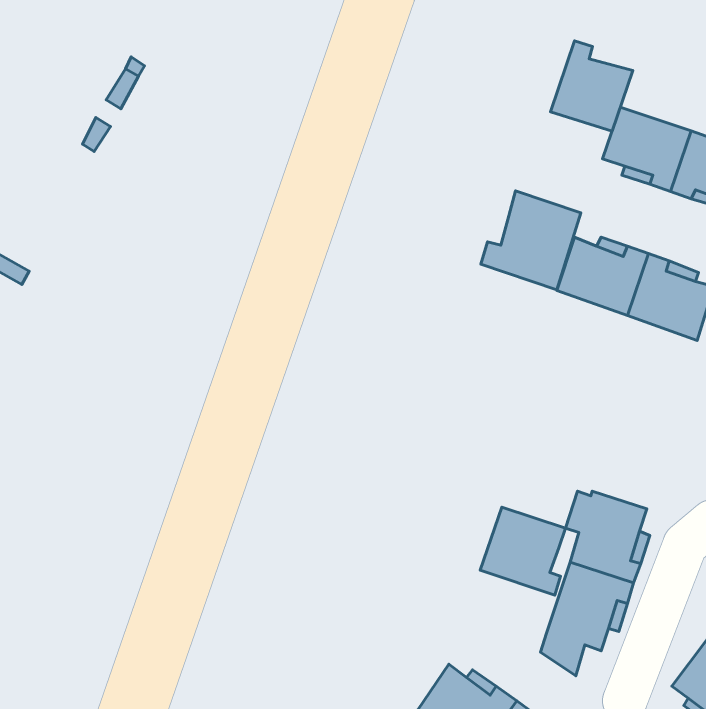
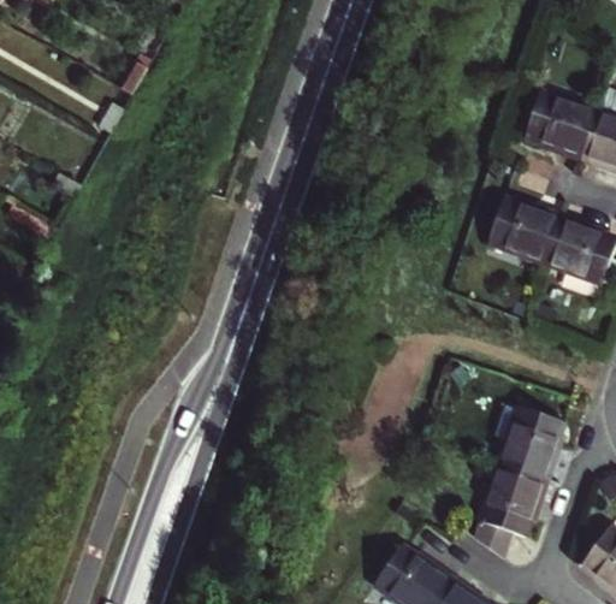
building: [550,41,633,131] -> none
building: [481,191,581,290] -> none
building: [480,507,566,595] -> none

